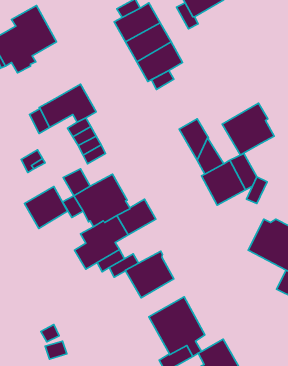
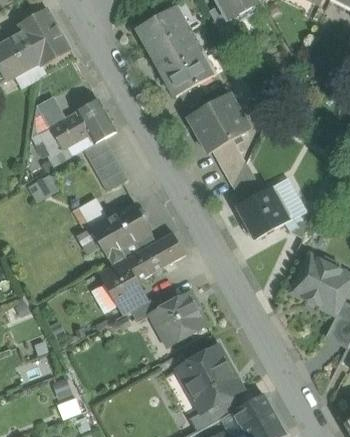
building: none -> [33,93,67,135]
building: [222,103,274,155] -> [187,92,247,152]
building: [24,186,68,229] -> none

